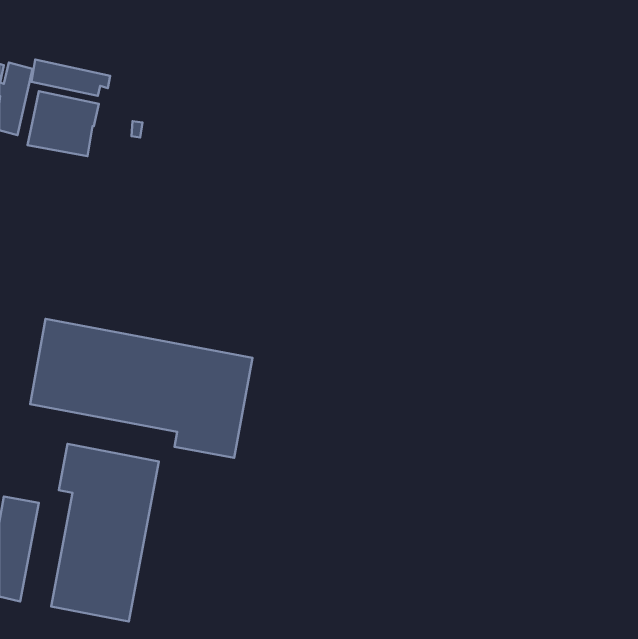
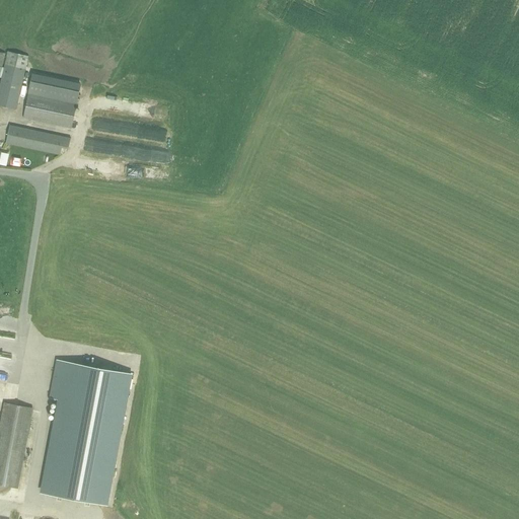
building: [31,59,110,96] -> [5,126,69,155]
building: [30,319,252,458] -> none

